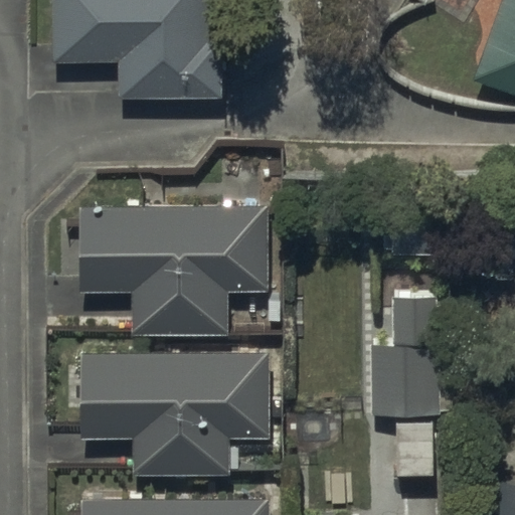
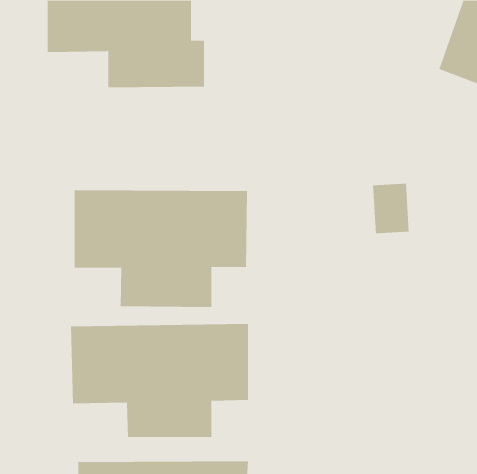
building: [371,296,454,415] -> none

